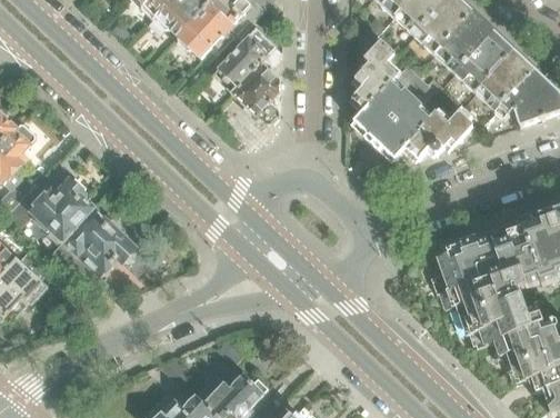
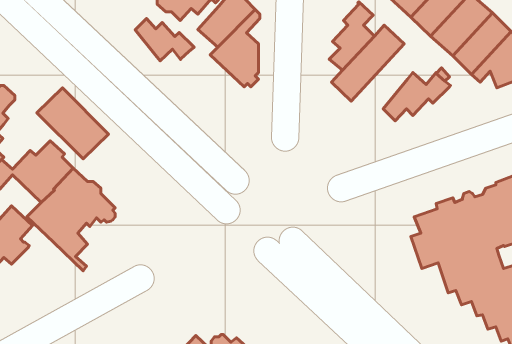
building: none -> [135,18,194,61]
building: [372,80,432,157] -> none
building: none -> [37,88,109,159]

